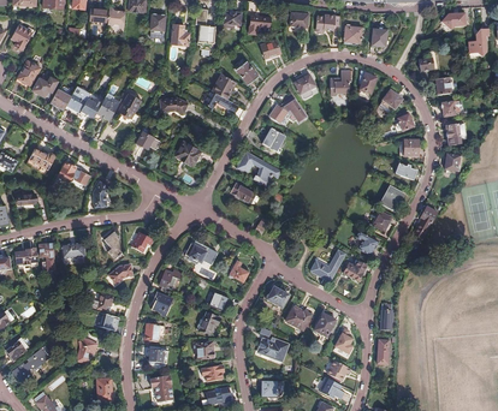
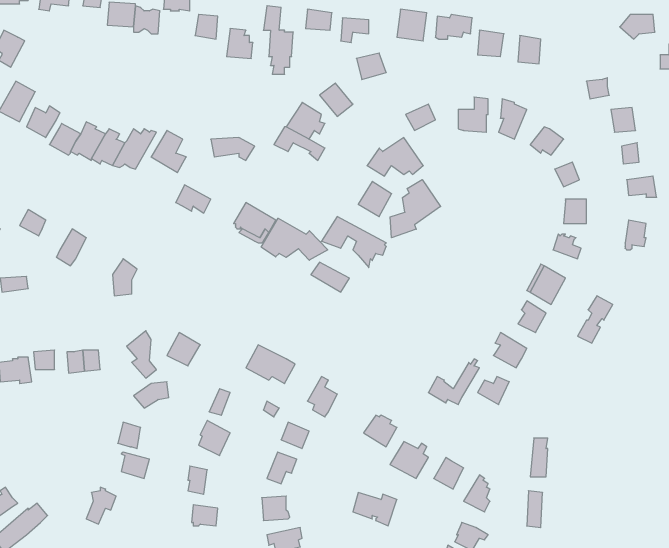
building: none -> [390,180,441,238]
building: none -> [261,218,328,260]

